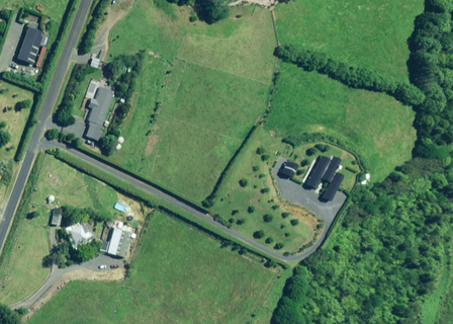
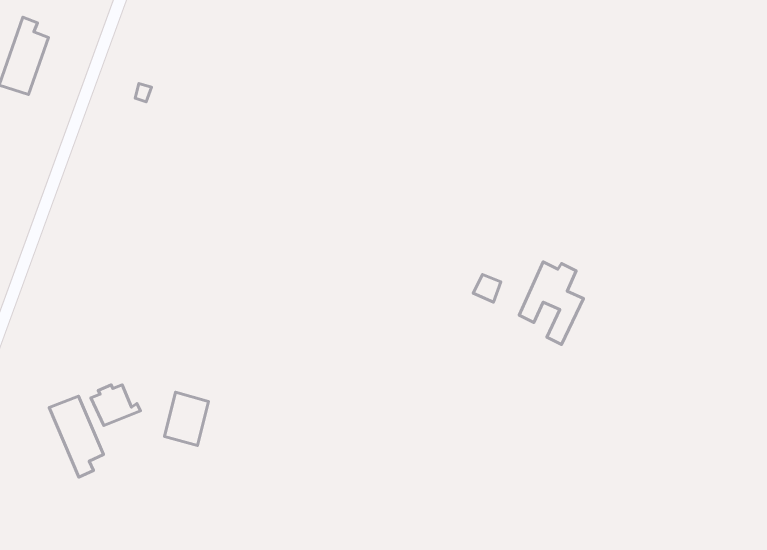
building: [86,87,115,141] -> none
building: none -> [49,396,104,477]

